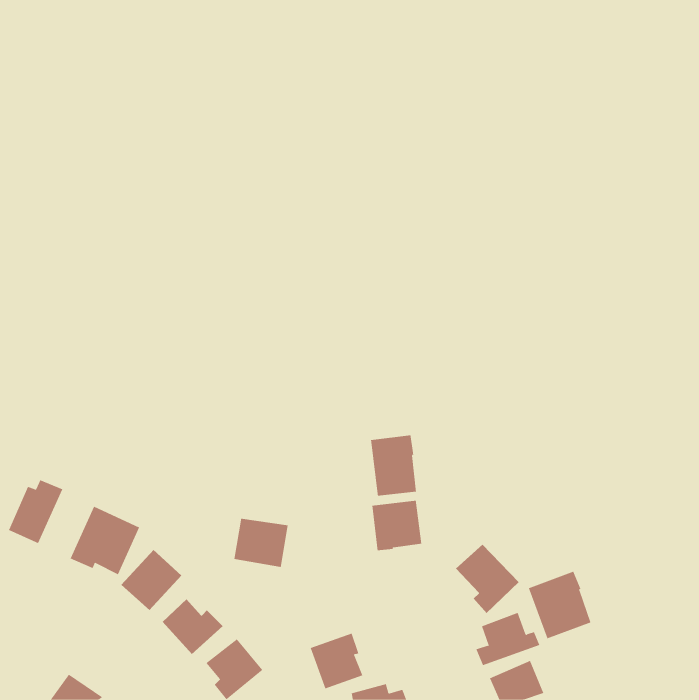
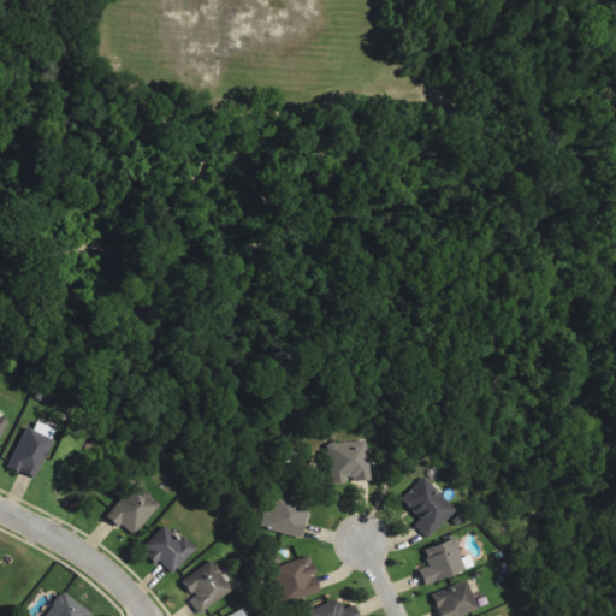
building: [371,435,417,497] -> none
building: [70,506,140,575] -> none
building: [234,518,288,567] -> [261,493,309,537]
building: [528,571,591,639] -> none

